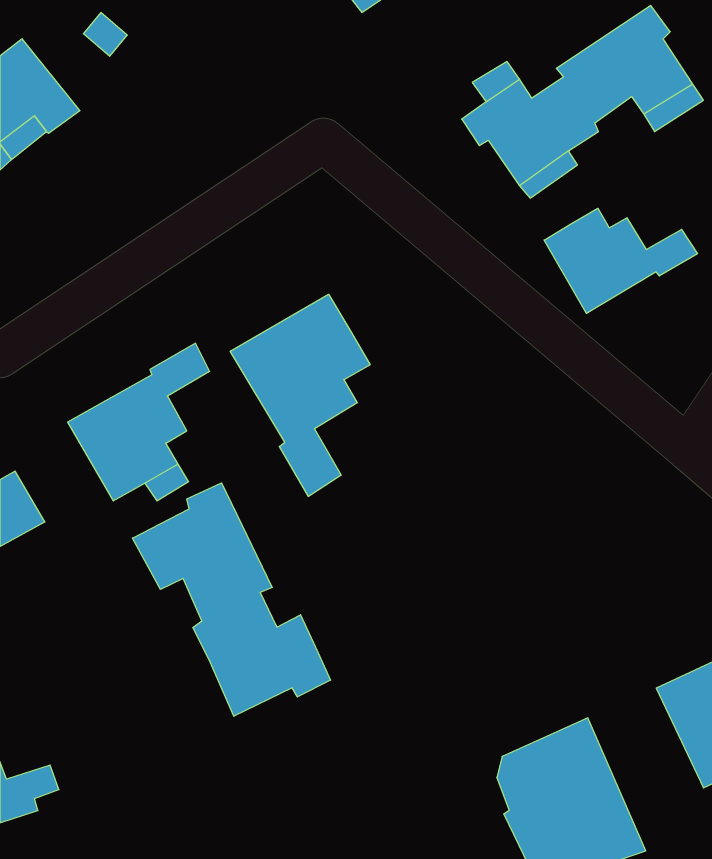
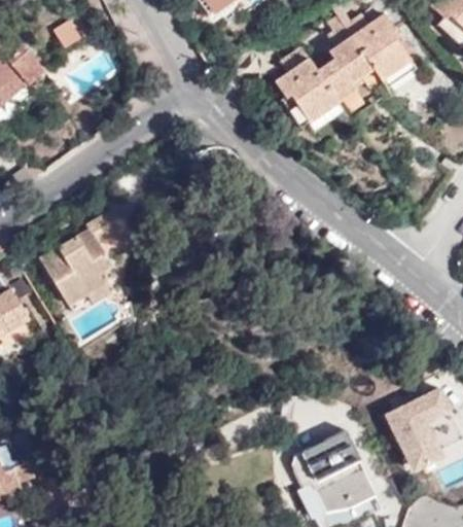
building: [544,208,698,313] -> none
building: [230,294,370,496] -> none
building: [132,483,330,716] -> none

